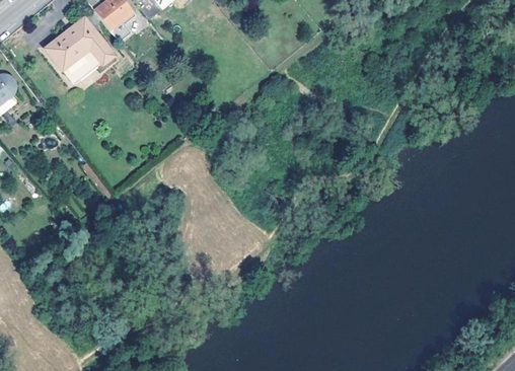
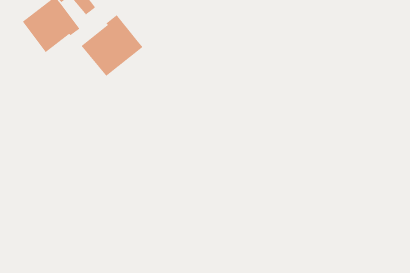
building: none -> [80,14,144,77]

